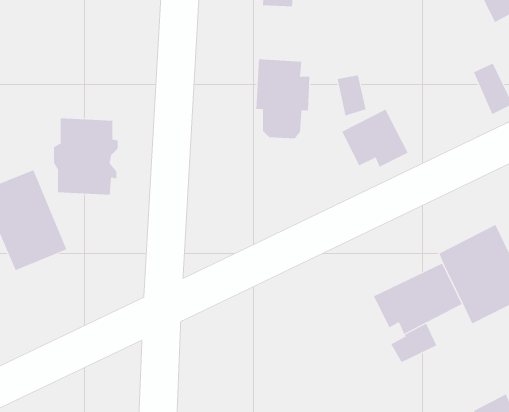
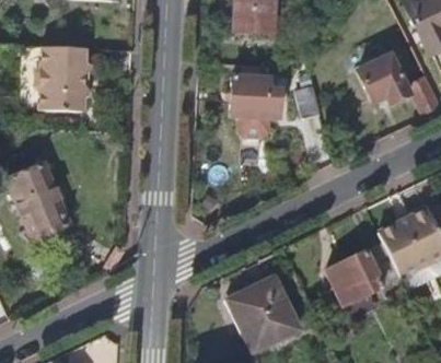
building: [342,109,408,167] -> [353,57,408,105]
building: [53,118,119,195] -> [35,47,89,110]
building: none -> [222,278,295,350]

